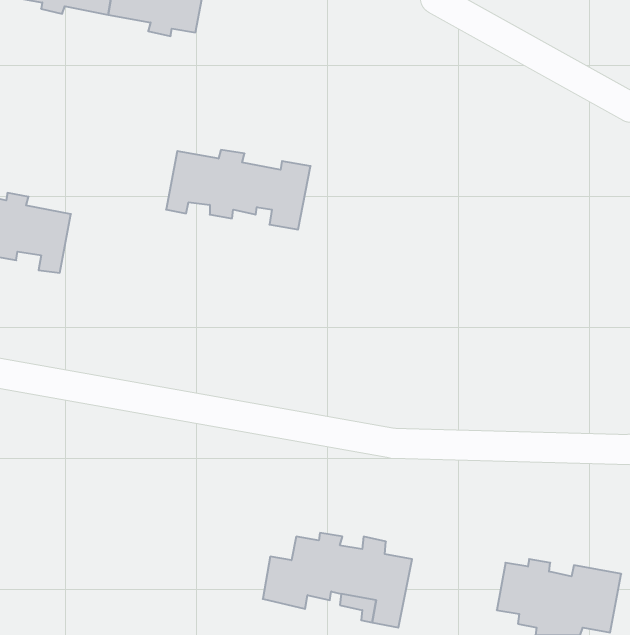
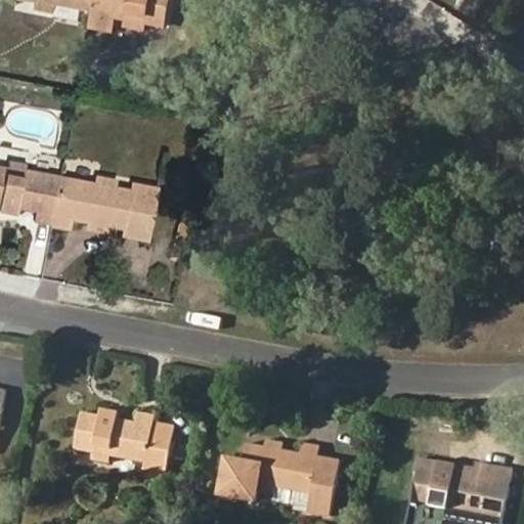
building: [166,150,311,230] -> [49,175,168,241]
building: none -> [72,406,173,474]

